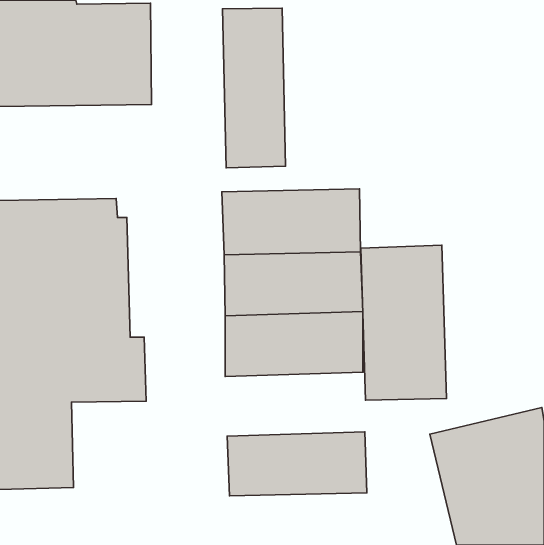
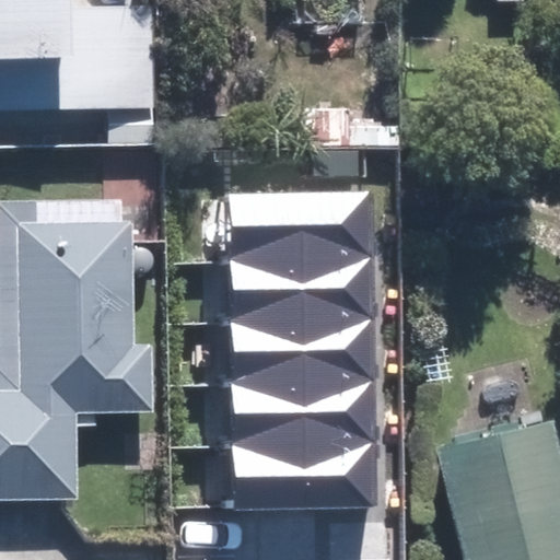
building: [222,8,286,168] -> none
building: [361,245,446,400] -> none
building: none -> [231,382,374,447]

